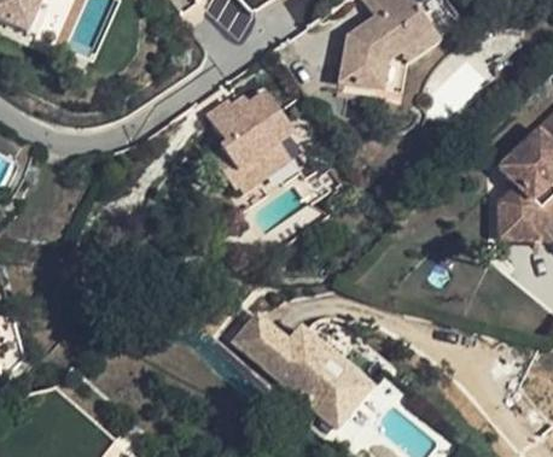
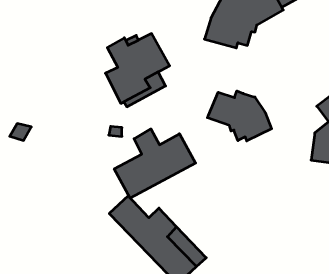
building: none -> [207,91,272,141]
building: none -> [114,129,196,198]

